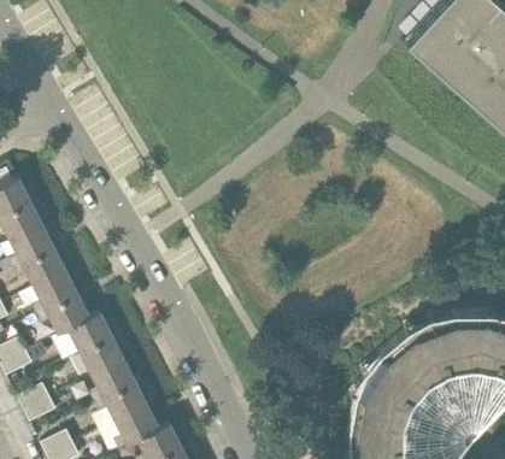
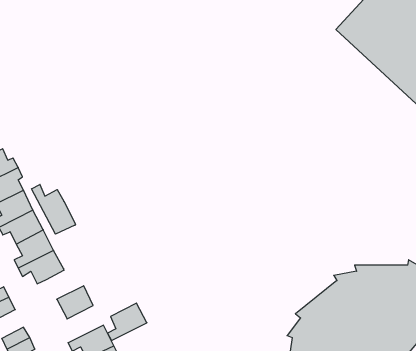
building: none -> [32,184,75,234]
building: [74,320,117,360] -> none
building: [94,367,140,411] -> [107,303,147,340]

